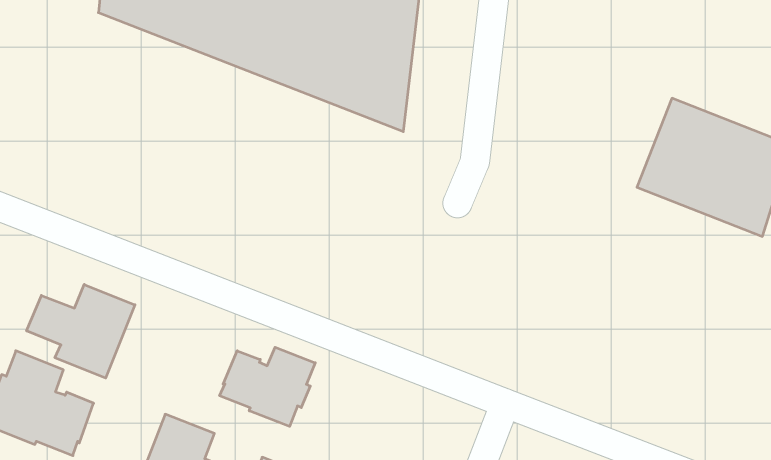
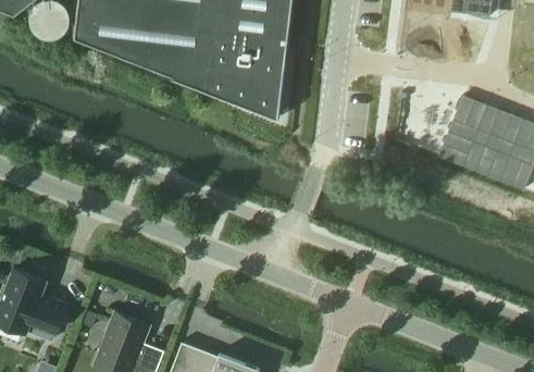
building: [27,284,135,378] -> none
building: [220,347,315,426] -> none

